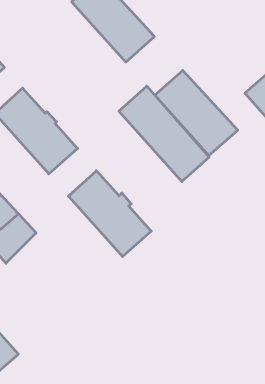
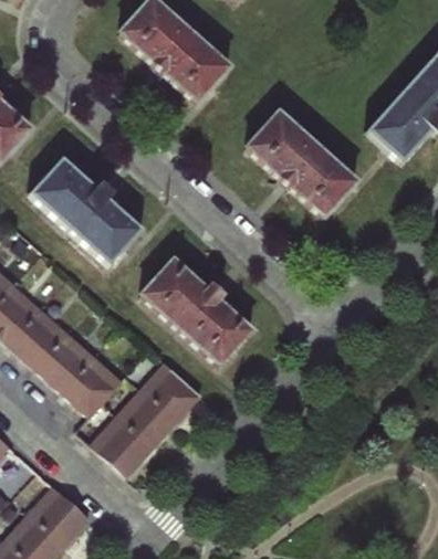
building: [119,86,209,182] -> none
building: none -> [63,348,127,415]
building: none -> [92,359,205,475]

